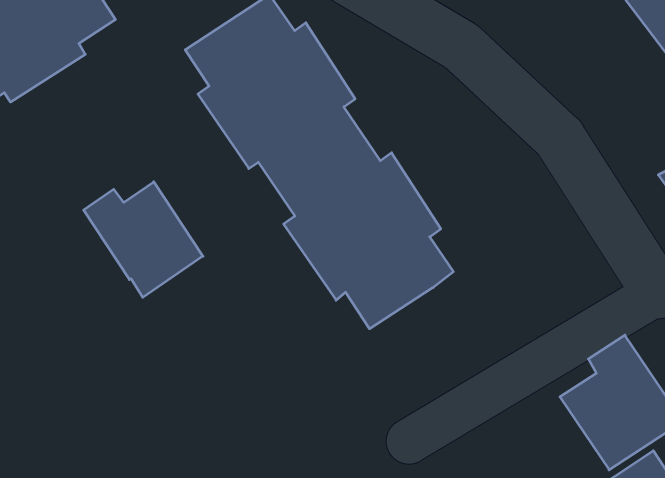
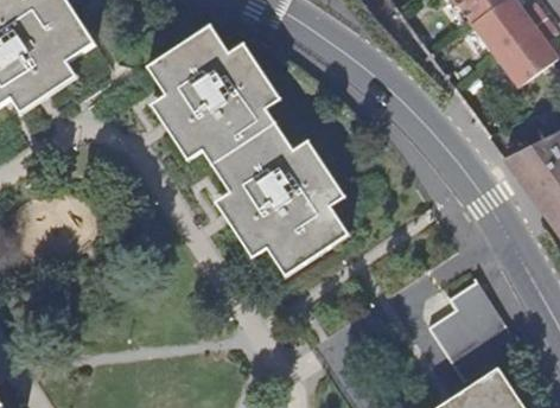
building: [84,182,203,297] -> none

